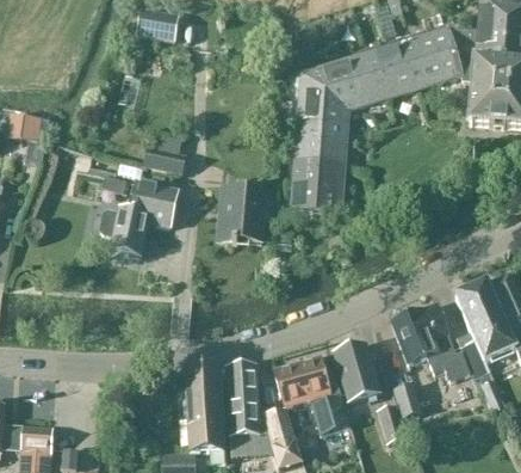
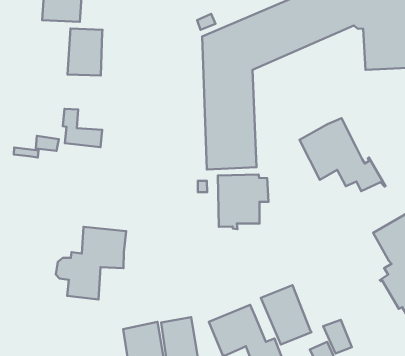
building: none -> [68,28,103,76]
building: [99,180,178,258] -> [56,227,126,299]
building: [218,188,274,246] -> [218,174,269,229]
building: [390,302,475,381] -> [300,118,386,191]

